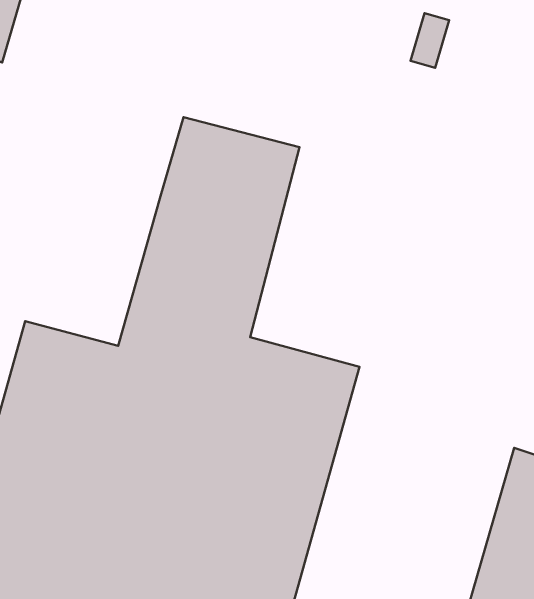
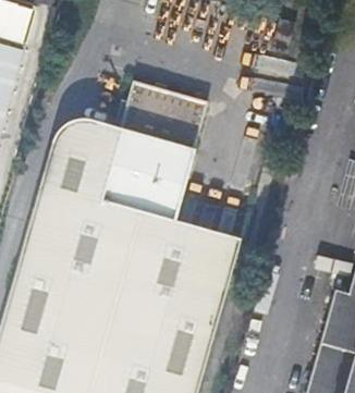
building: none -> [33,120,117,225]

